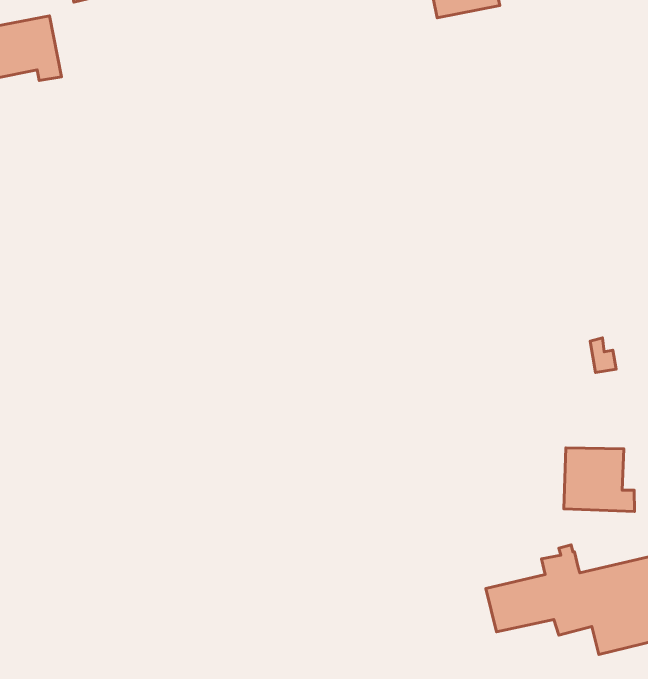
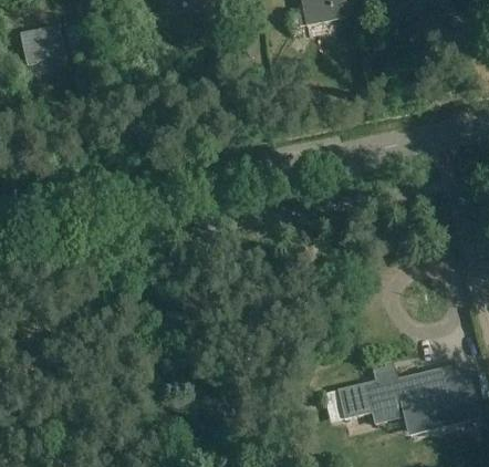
building: [564,448,634,512] -> none

